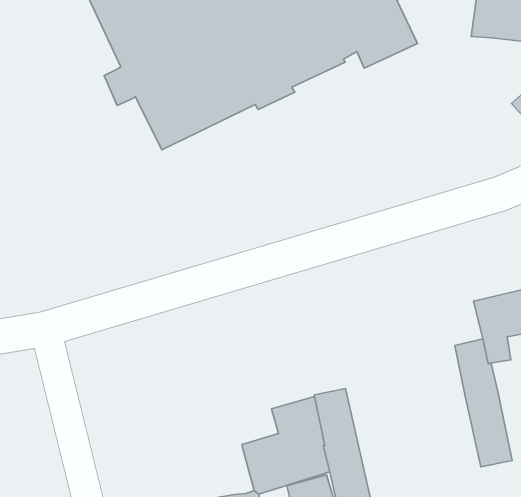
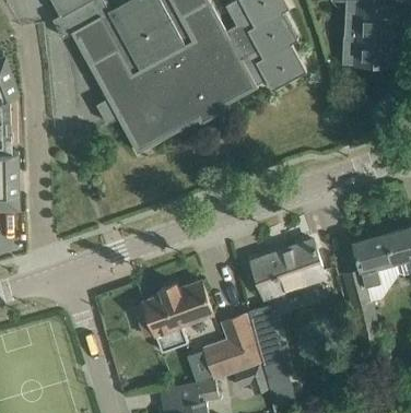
building: none -> [251,240,325,297]
building: none -> [134,281,213,353]

